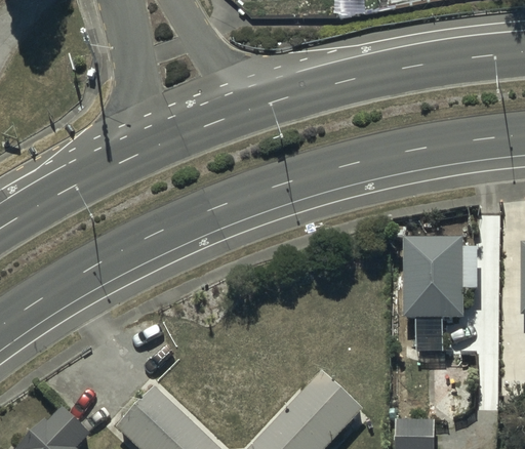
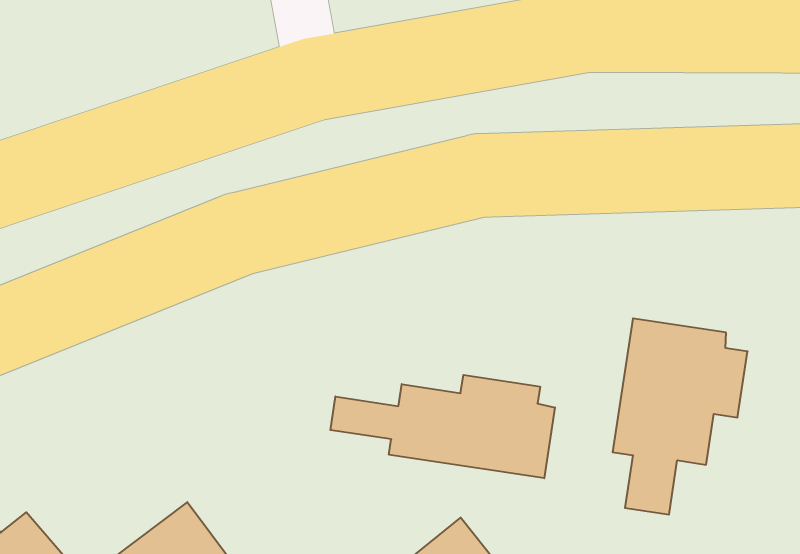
building: none -> [330,375,555,478]

